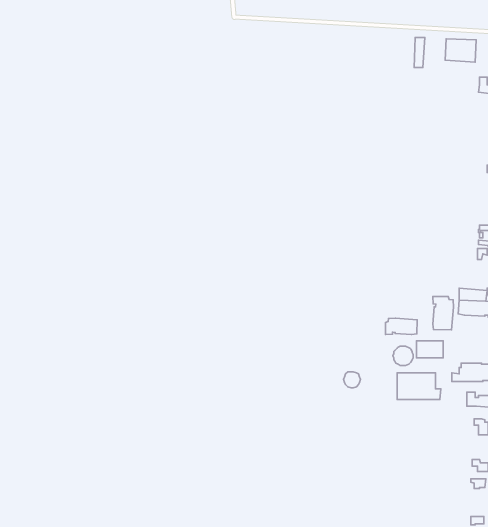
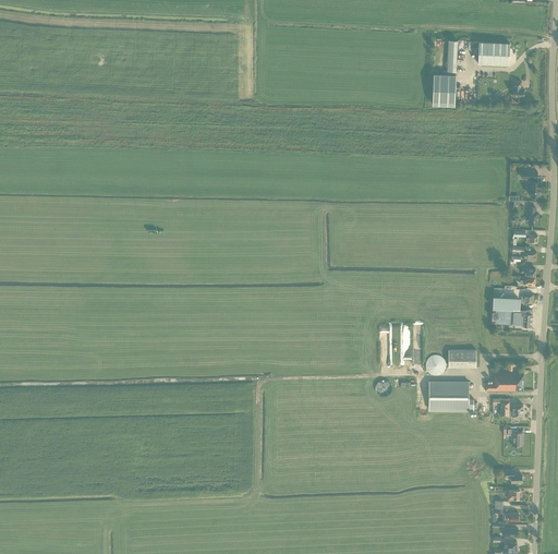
building: none -> [432,74,454,106]
building: [433,297,453,330] -> none
building: [385,318,417,334] -> none

